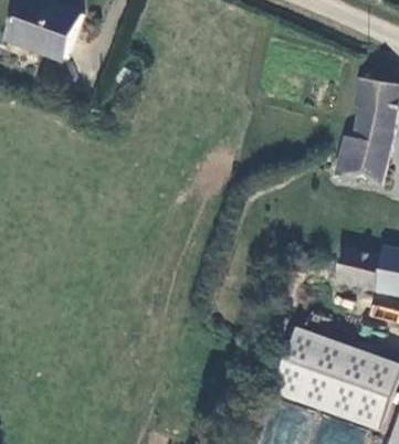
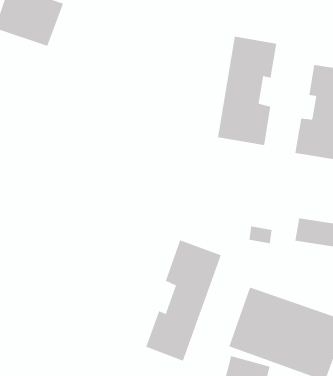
building: none -> [218,36,277,146]
building: none -> [145,240,222,361]

